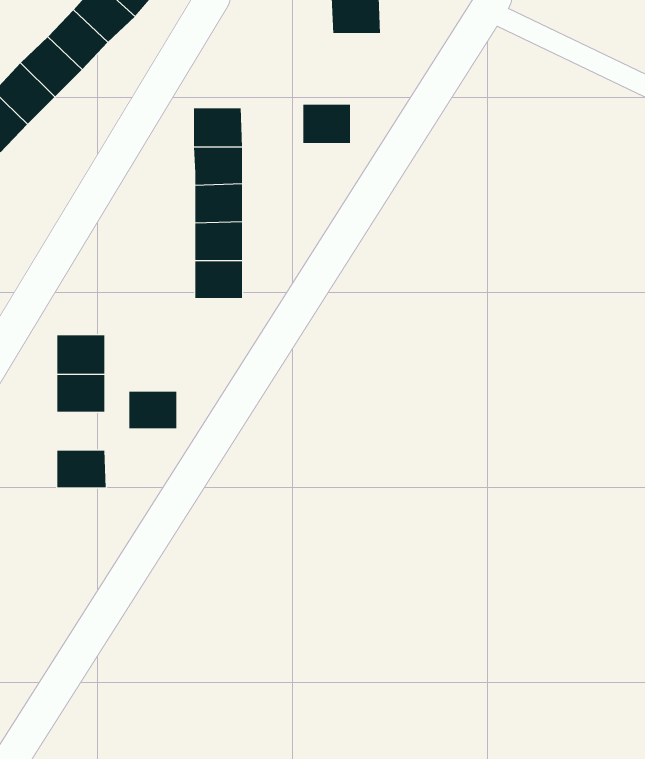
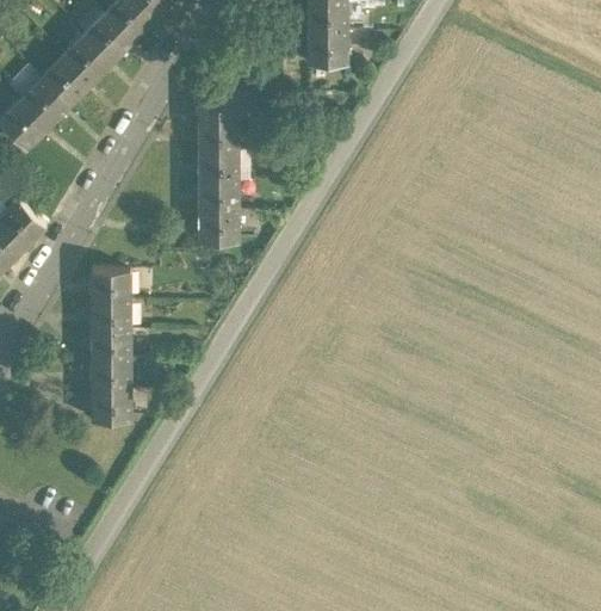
building: [302,104,351,144] -> [308,32,346,63]
building: [129,391,177,429] -> [91,331,129,360]
building: none -> [91,390,130,421]

